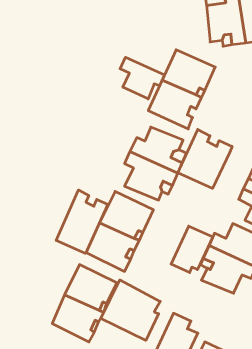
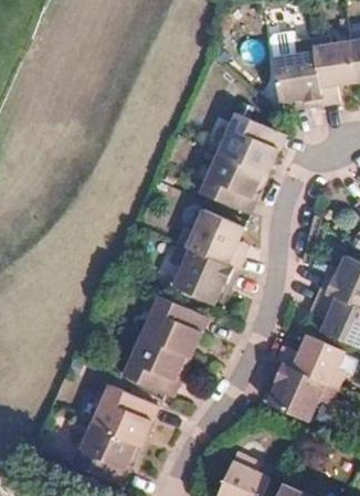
building: [120,57,164,99] -> none
building: [178,129,232,188] -> none
building: [56,190,108,253] -> none
building: [171,226,213,273] -> none
building: [101,280,160,340] -> none

